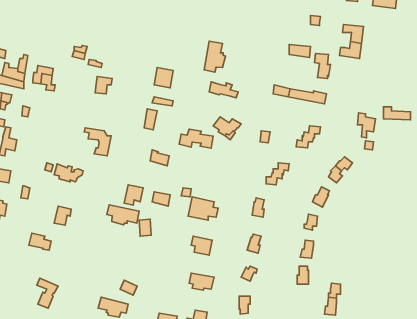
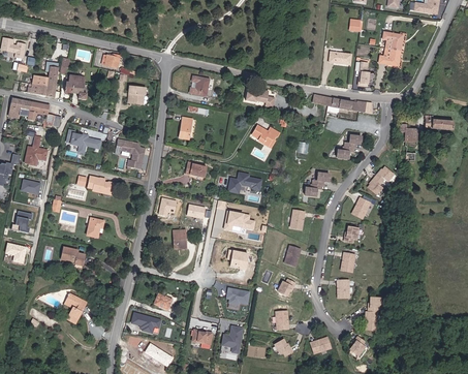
building: [204,41,225,72] -> none
building: none -> [66,129,103,154]
building: [179,129,213,148] -> [228,172,263,191]
building: [107,205,139,225] -> none

